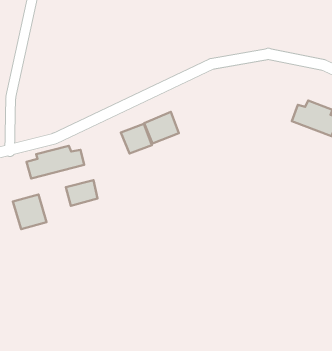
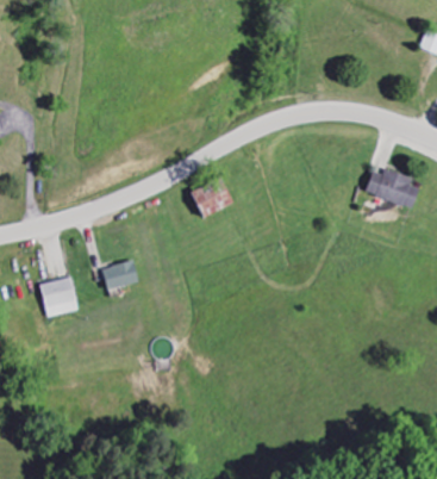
building: [121,124,152,153] -> none
building: [27,146,84,179] -> none

